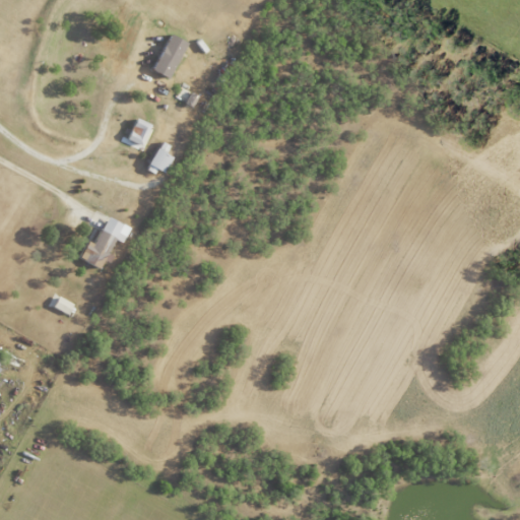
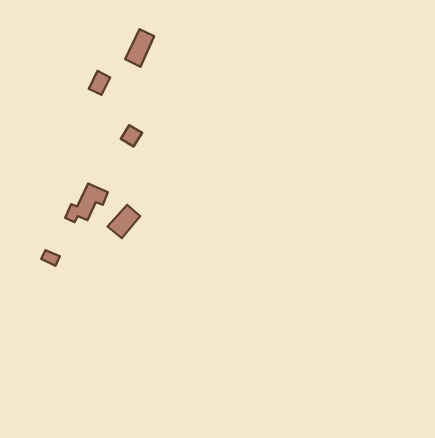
building: [126,118,151,146] -> [89,71,110,95]
building: none -> [107,205,140,238]

